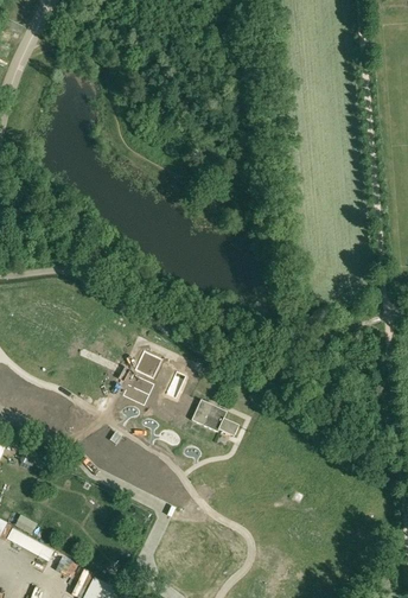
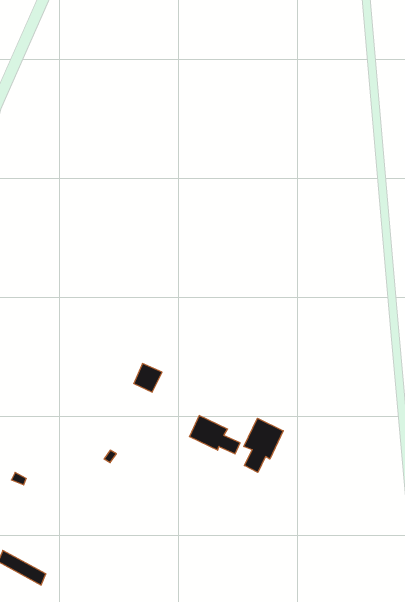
building: none -> [244,418,283,472]

